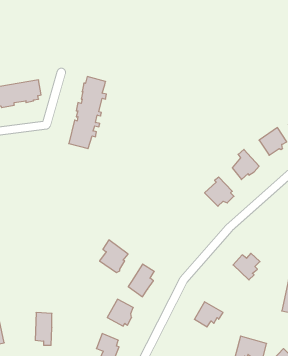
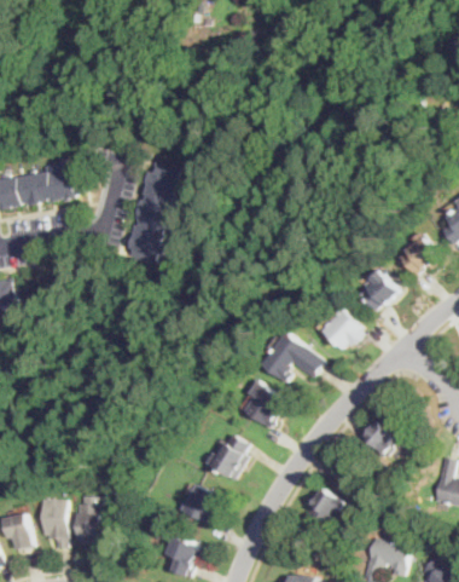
building: none -> [261,332,323,382]
building: [100,240,128,273] -> [243,380,284,427]
building: none -> [41,500,65,548]

